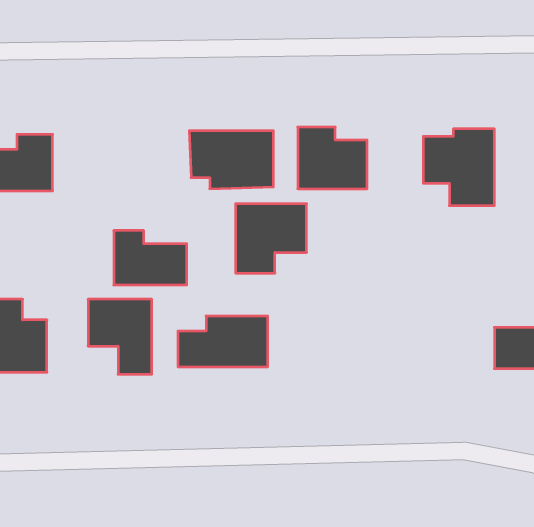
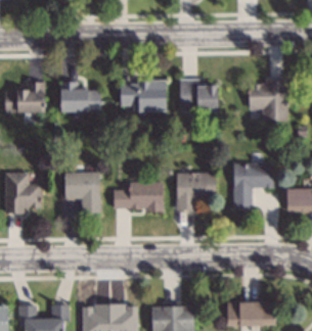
building: [236,204,307,273] -> [177,173,216,210]
building: [114,231,187,285] -> [61,83,101,112]
building: none -> [234,163,274,209]

